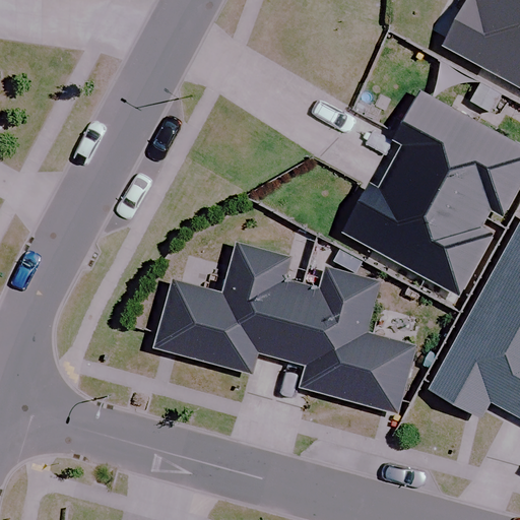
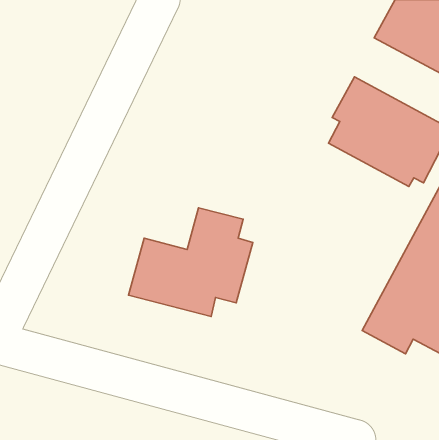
building: [341,169,491,295] -> none
building: [280,268,414,413] -> none

